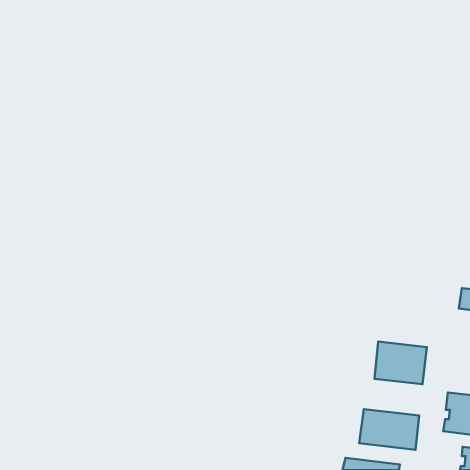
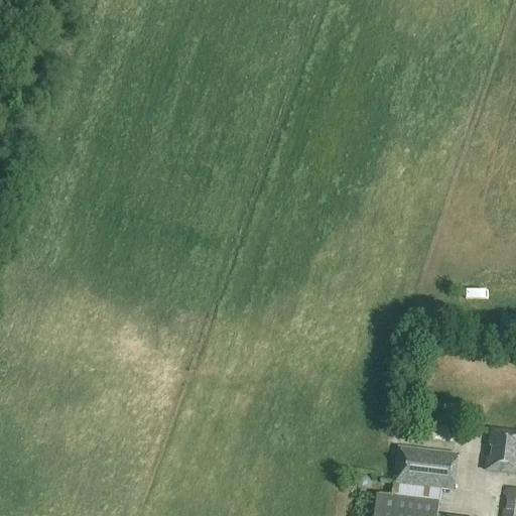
building: [374,342,427,384] -> none

